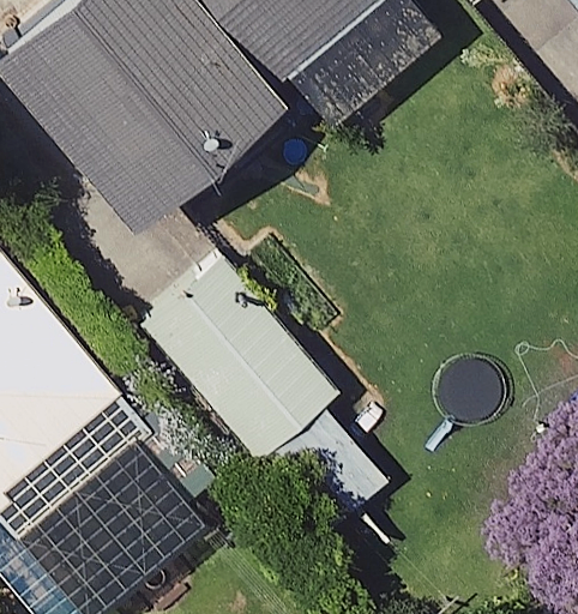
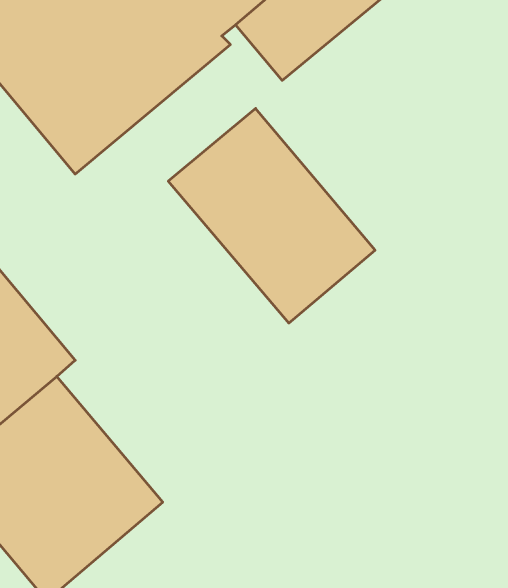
building: [138,255,339,464] -> [168,108,375,323]

